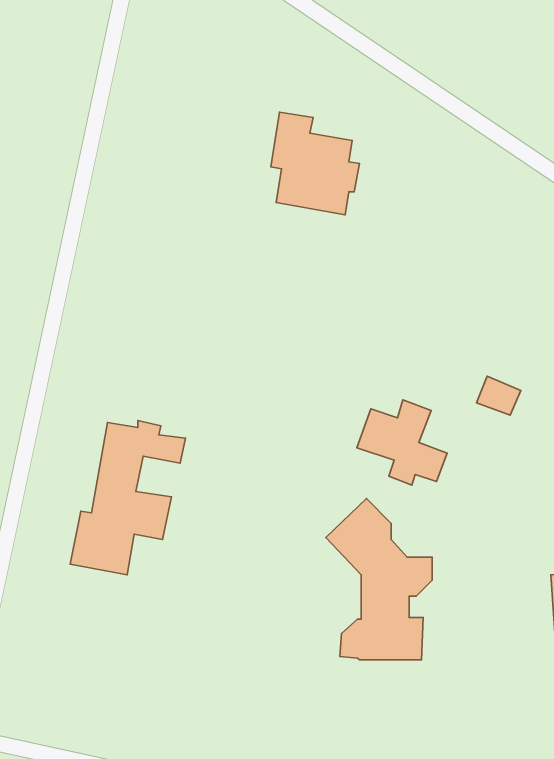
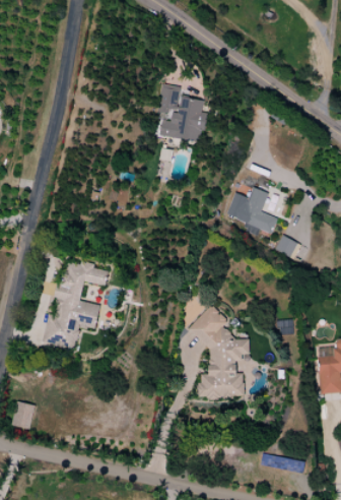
building: [357,400,447,485] -> [226,187,278,236]
building: none -> [12,401,35,428]

